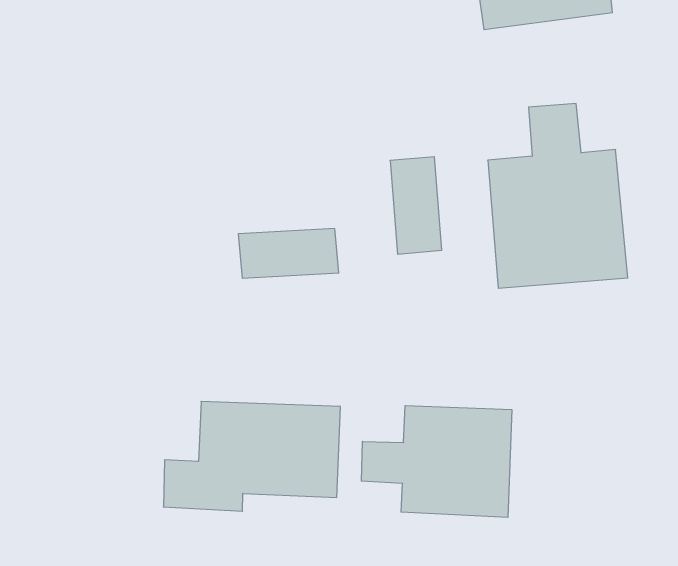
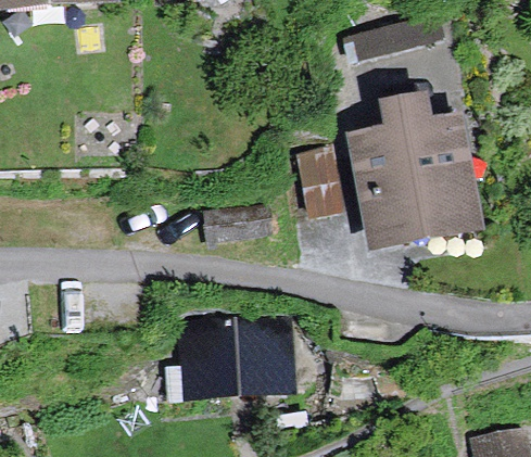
building: [361,406,512,517] -> none

